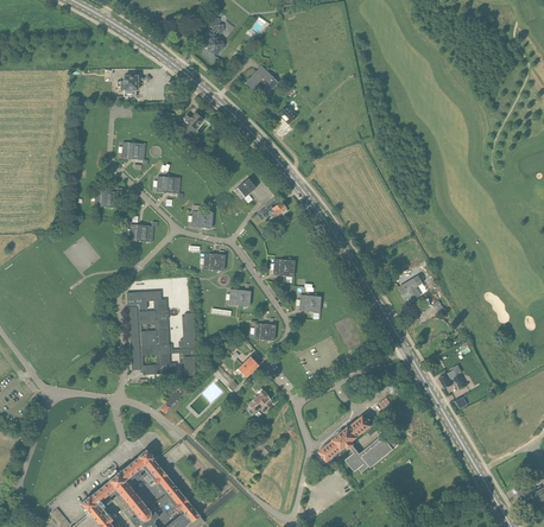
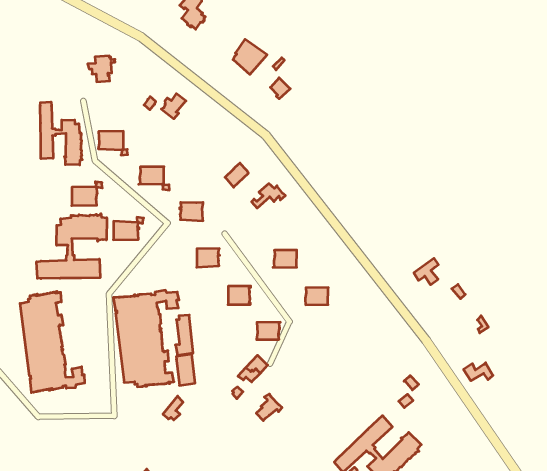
building: none -> [40,102,82,165]
building: none -> [37,214,107,279]
building: none -> [20,291,85,393]

